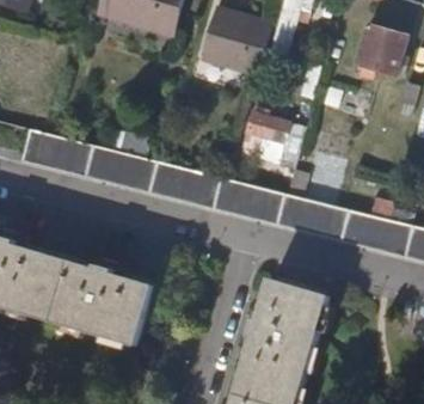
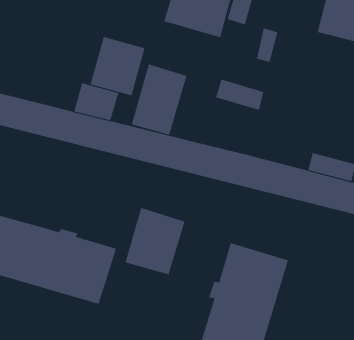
building: none -> [90,36,145,96]
building: none -> [131,63,187,135]
building: none -> [125,207,185,275]

